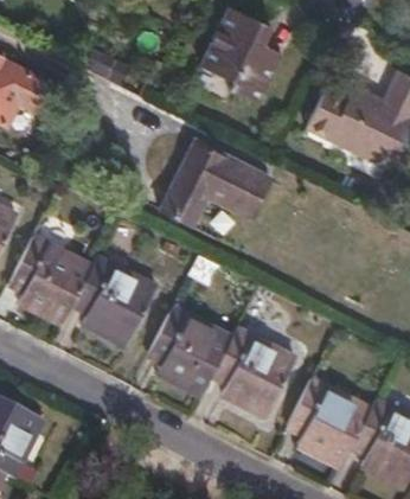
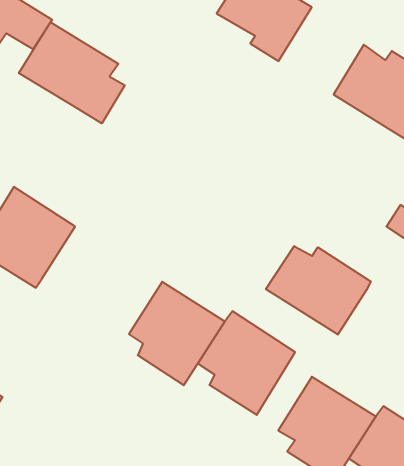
building: none -> [19,22,125,123]
building: [162,143,265,223] -> none
building: [68,258,154,345] -> none
building: none -> [266,246,371,335]

